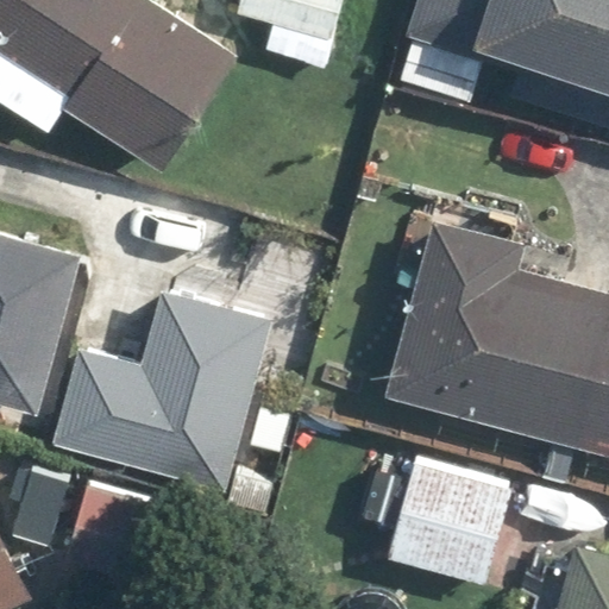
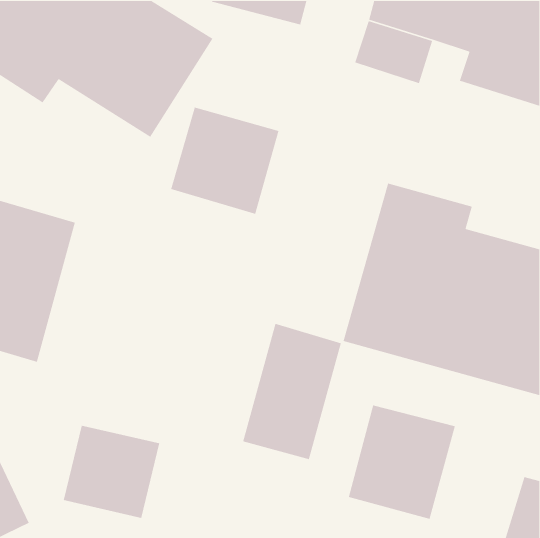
building: none -> [170,107,279,215]
building: [51,290,274,491] -> none
building: none -> [242,323,342,460]

